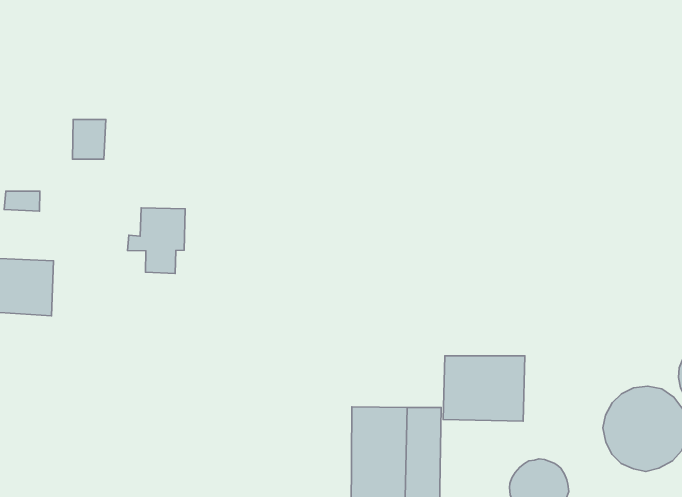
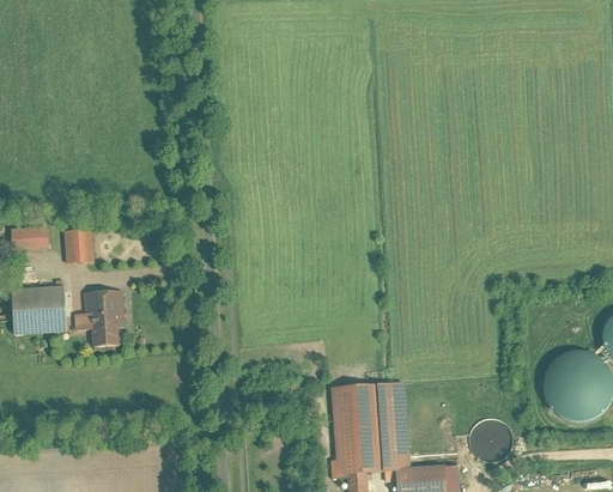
building: [73,119,106,159] -> [63,229,92,265]
building: [127,208,185,273] -> [79,291,127,347]
building: [443,356,525,421] -> none

